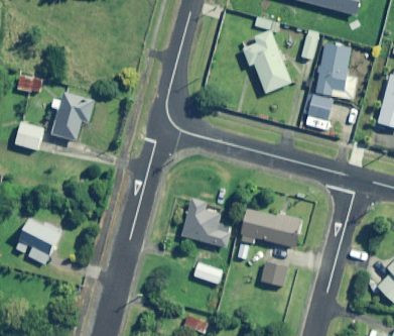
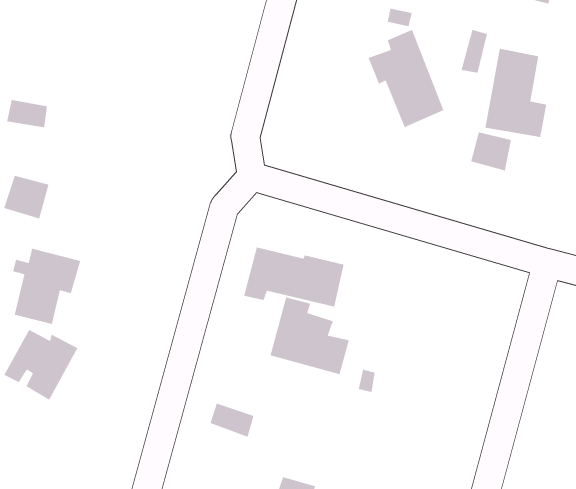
building: [50,92,94,140] -> [12,248,81,325]
building: [238,209,301,247] -> [243,246,344,307]
building: [260,261,287,288] -> none
building: [193,262,222,285] -> [210,403,255,438]

